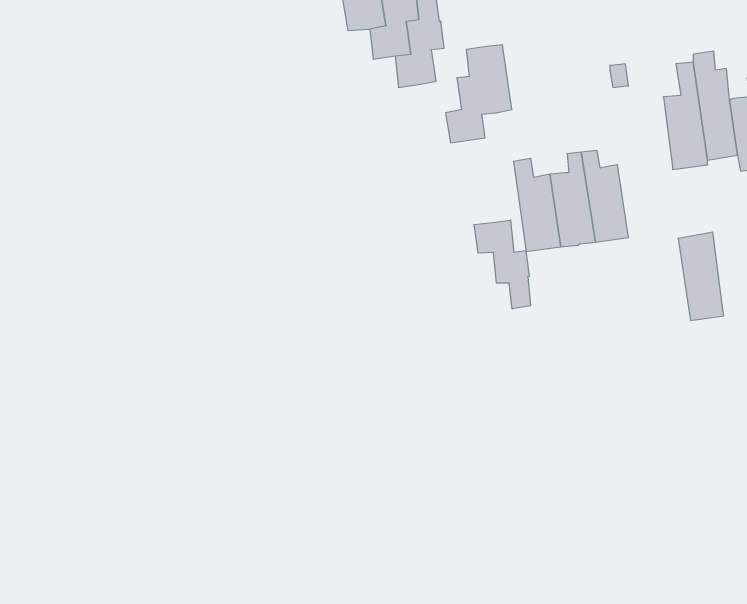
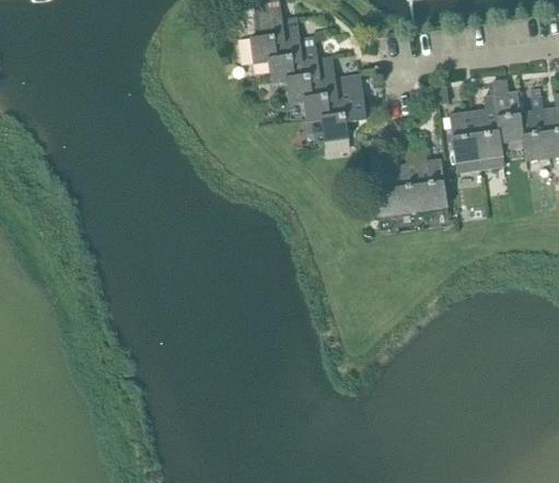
building: none -> [304,58,338,125]
building: [474,220,530,309] -> none
building: [678,232,724,320] -> [449,111,480,173]

